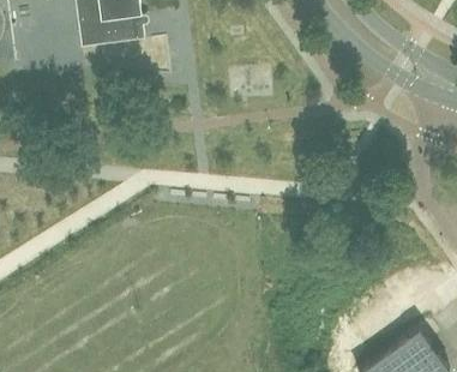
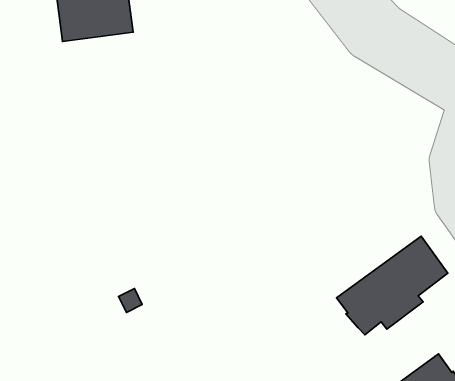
building: none -> [337,236,448,335]

